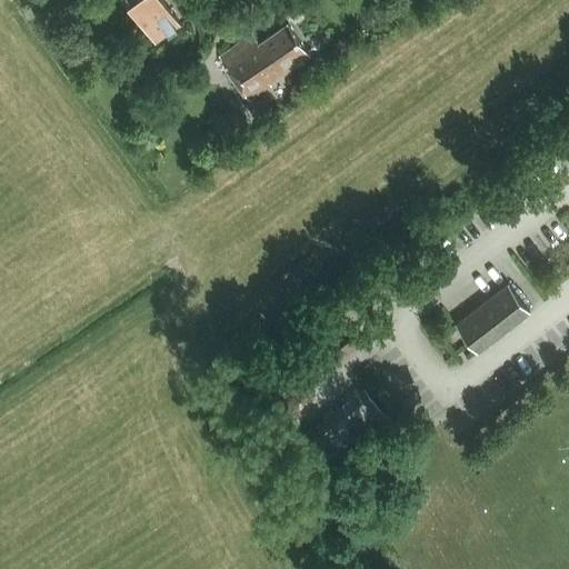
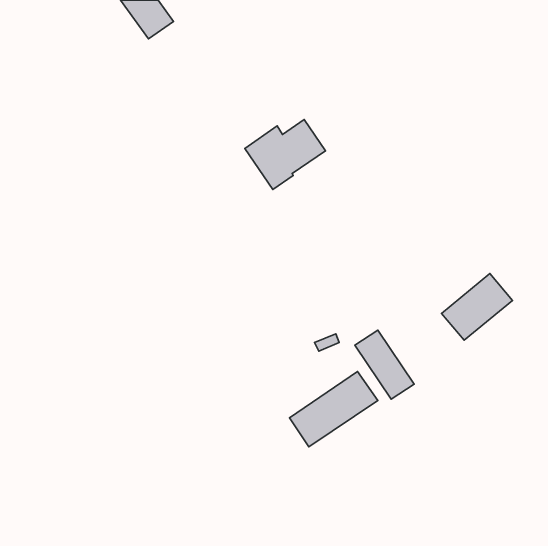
building: [219,30,302,102] -> [245,120,326,190]
building: none -> [355,330,414,399]

